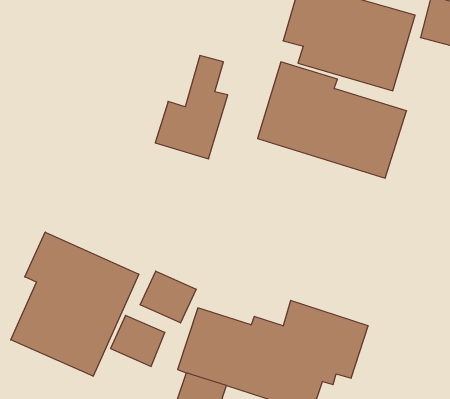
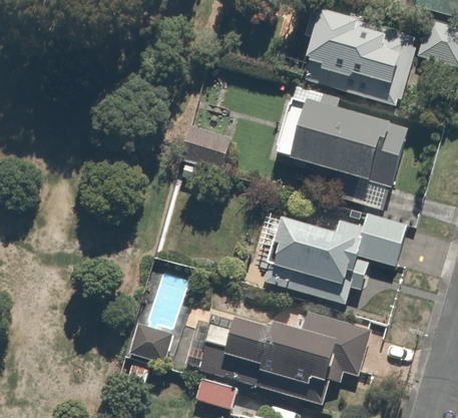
building: none -> [254,208,416,308]
building: [11,232,139,376] -> none
building: [140,271,196,323] -> none

